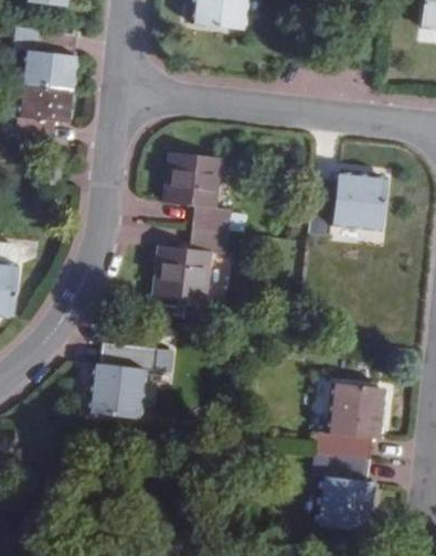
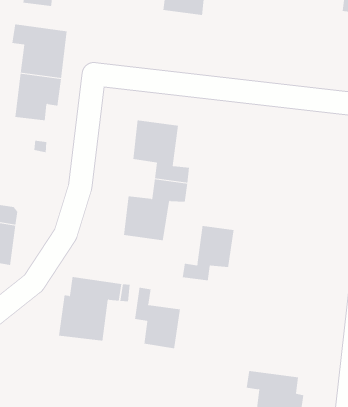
building: [310,174,389,243] -> none
building: none -> [182,225,234,281]
building: none -> [135,287,180,349]
building: [307,383,386,463] -> none

